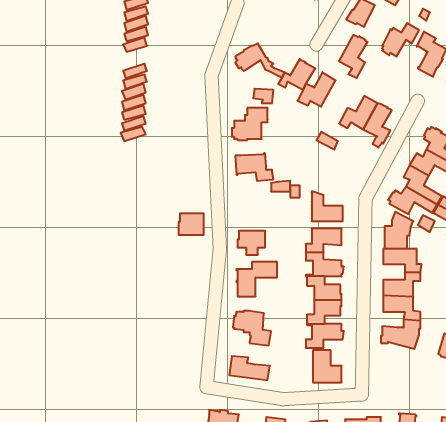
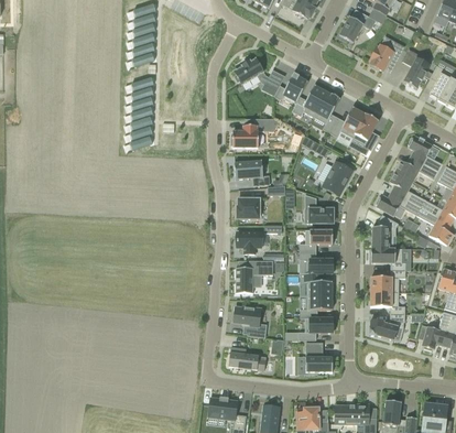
building: [339,35,368,78] -> [314,93,340,132]
building: none -> [323,161,354,195]
building: [179,213,204,235] -> [237,198,260,218]

